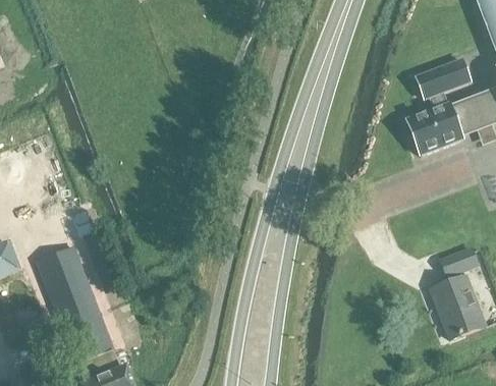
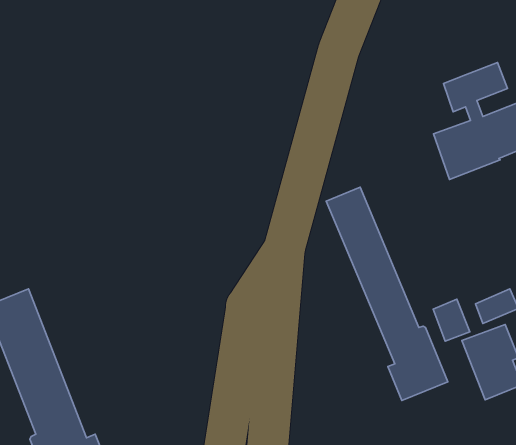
building: none -> [326,187,448,400]
building: none -> [433,299,470,341]

